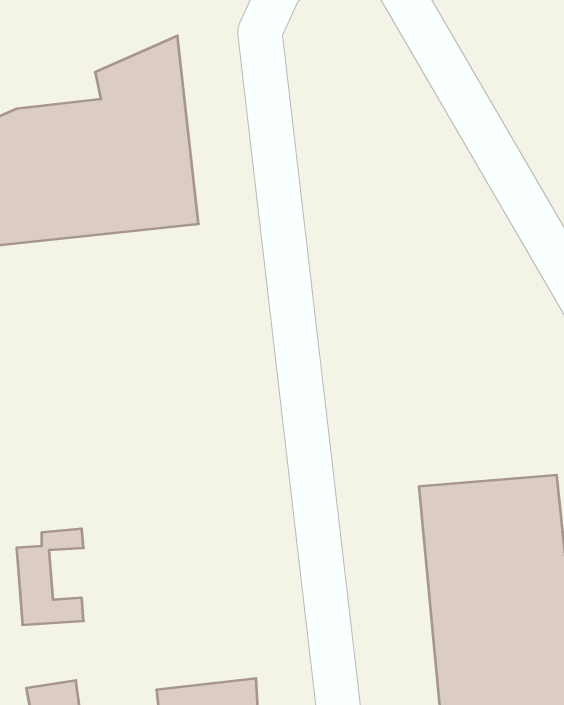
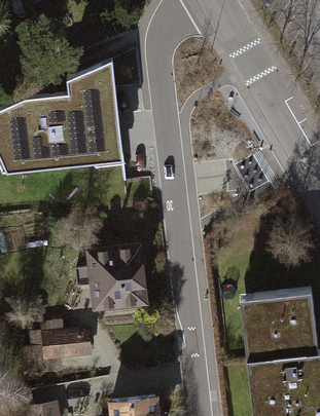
building: none -> [81,252,145,315]
building: none -> [43,328,91,357]

